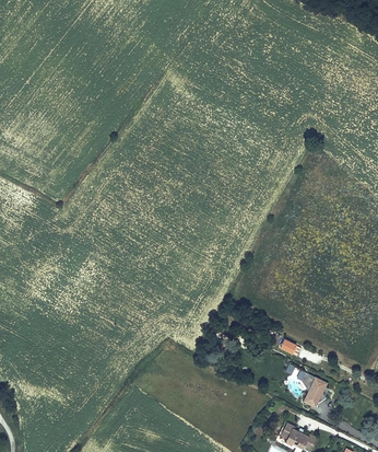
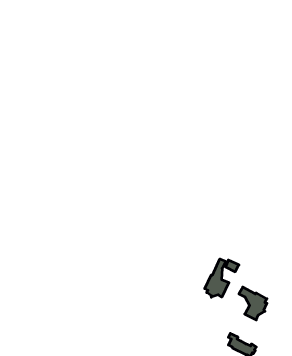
building: none -> [205,259,229,297]

